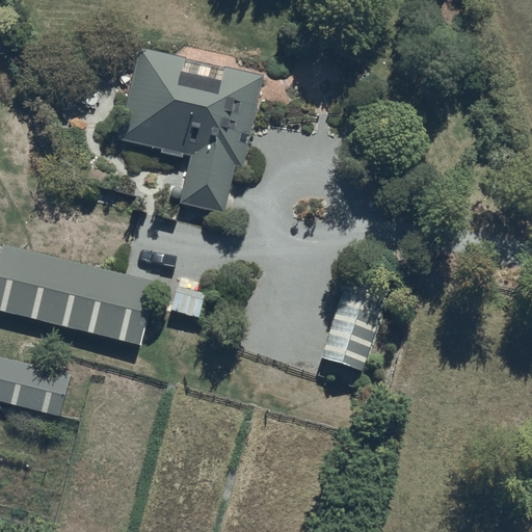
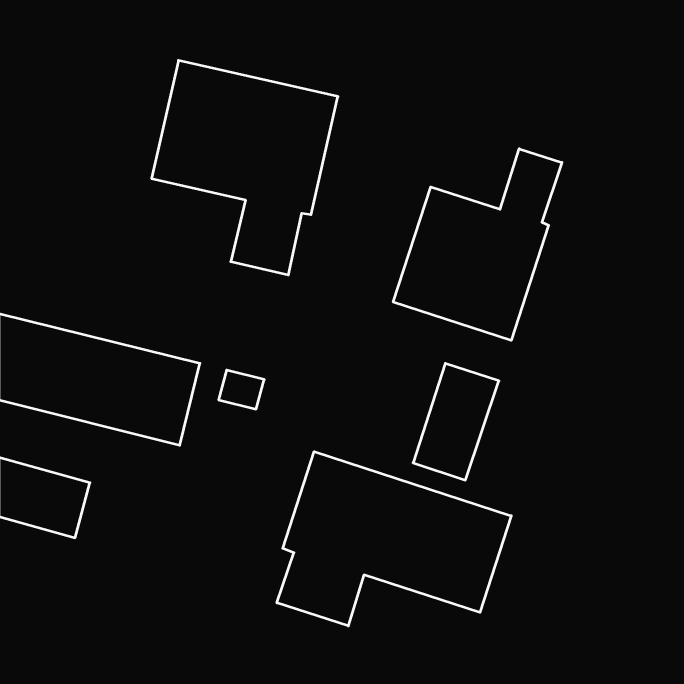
building: none -> [393,149,562,340]
building: none -> [277,452,511,626]

